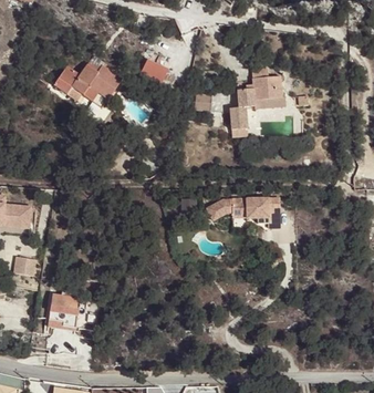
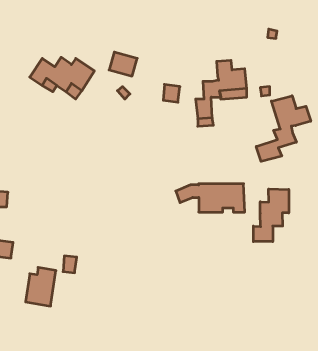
building: none -> [256,96,311,161]
building: none -> [253,189,289,242]

